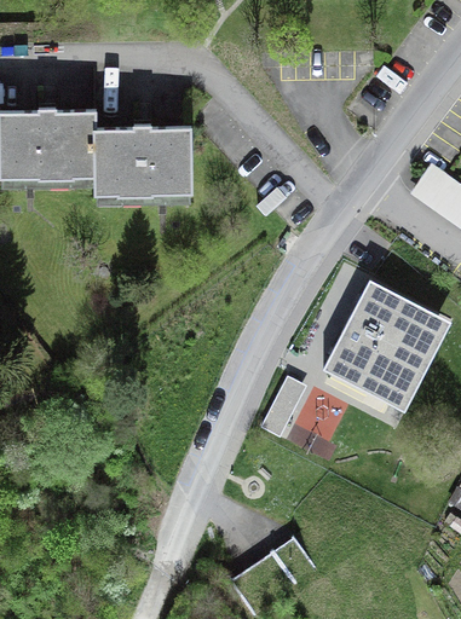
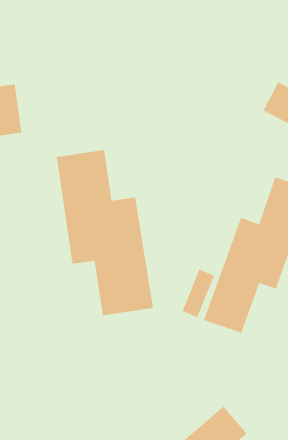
building: [99,125,206,201] -> none
building: none -> [56,149,153,316]

